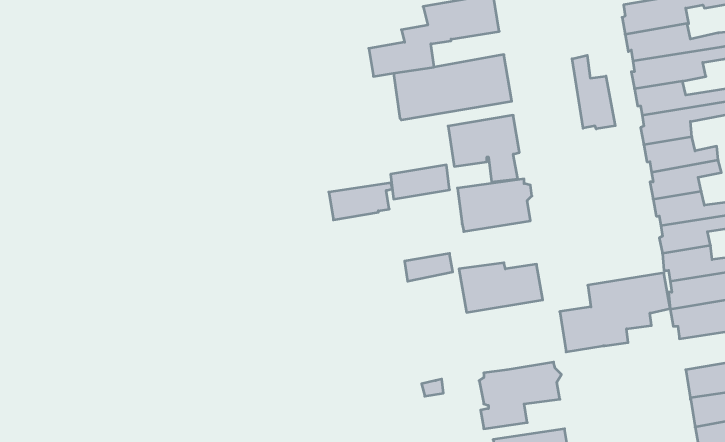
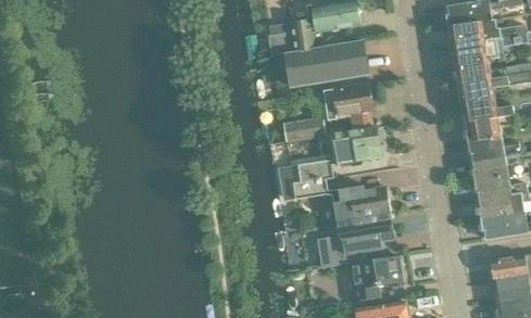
building: [572,55,615,129] -> none
building: [329,183,392,220] -> [290,158,334,185]
building: [560,273,670,352] -> [317,212,394,267]

